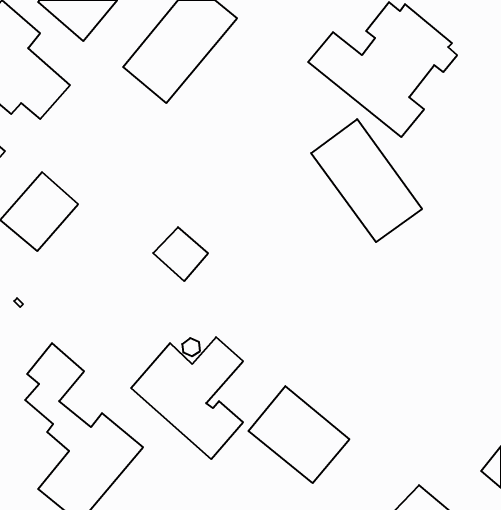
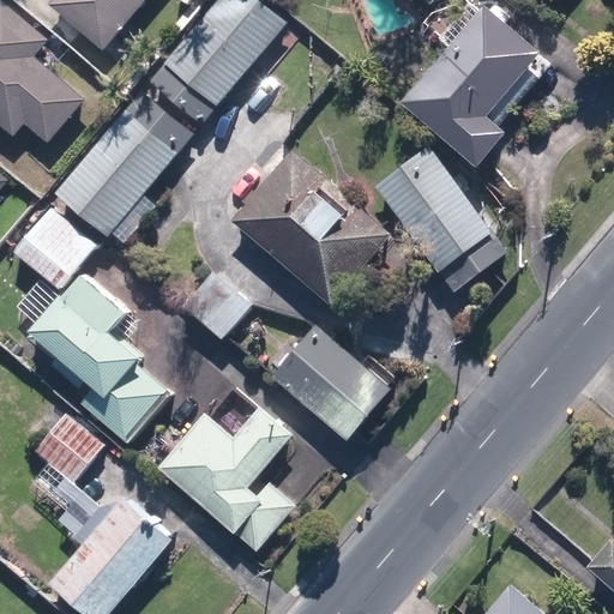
building: none -> [56,91,192,235]
building: none -> [233,150,390,305]
building: none -> [32,273,165,438]
building: [248,386,349,483] -> [271,324,392,440]

